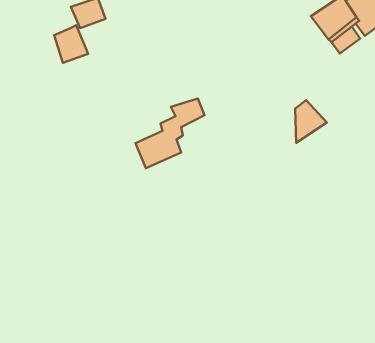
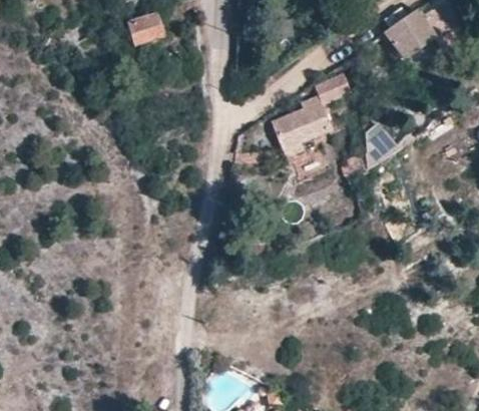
building: [54,25,88,63] -> none
building: [136,98,204,168] -> [274,72,348,147]

